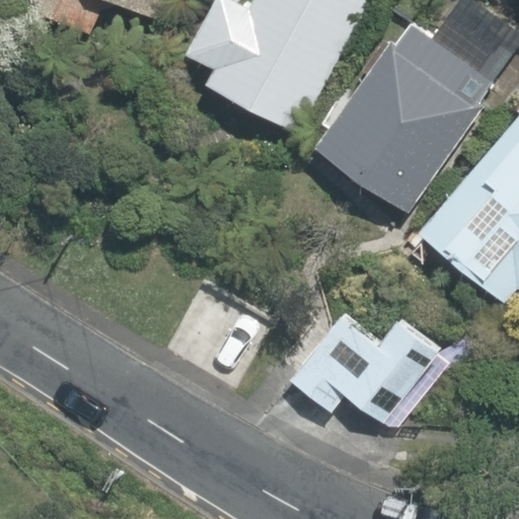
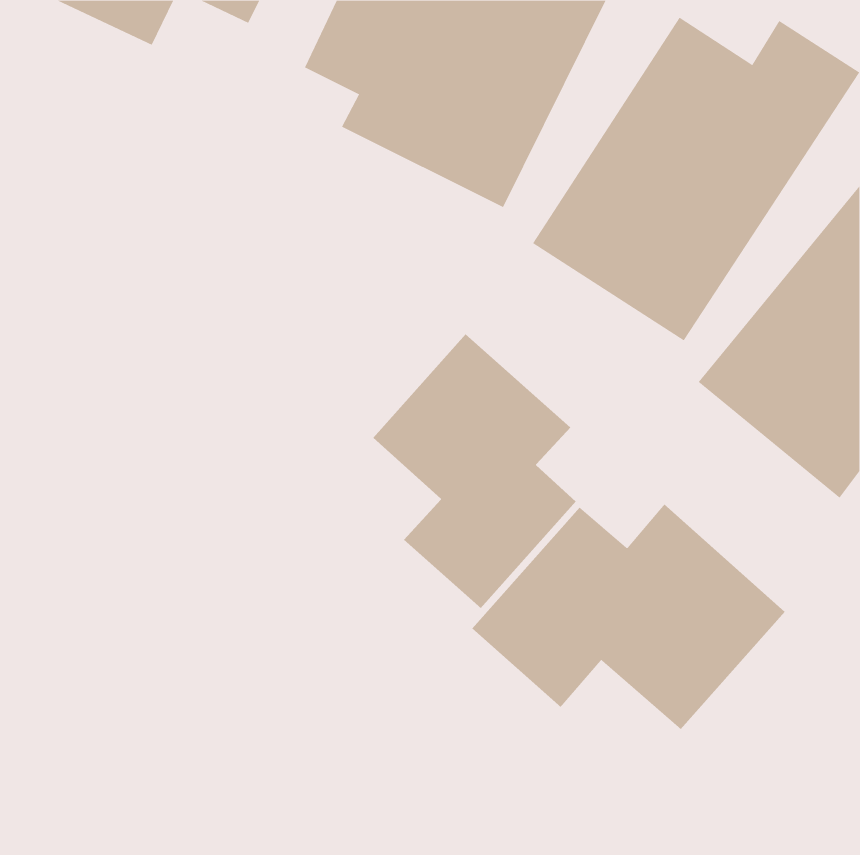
building: none -> [373,334,576,609]

